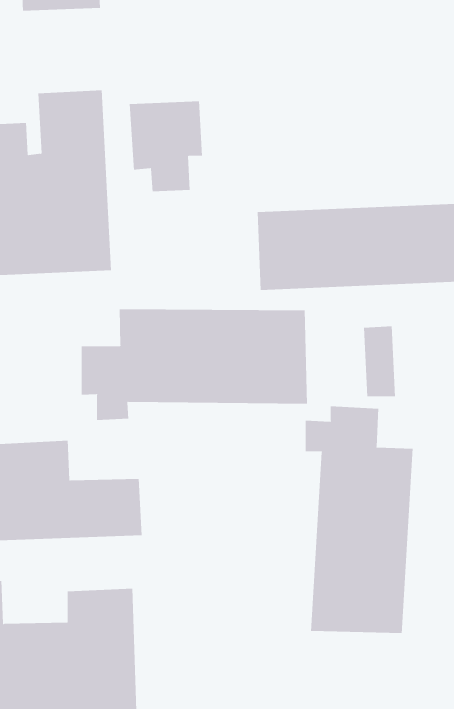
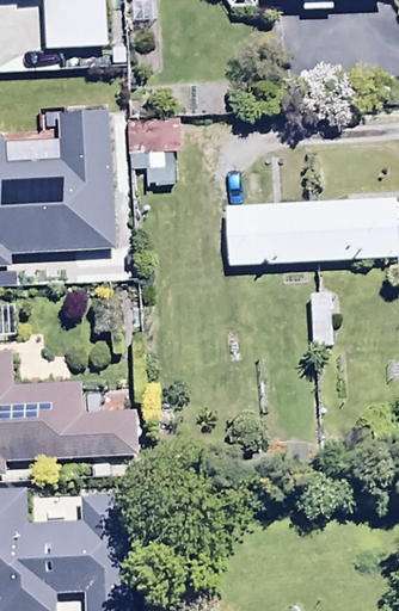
building: [81,308,307,421] -> none
building: [305,406,413,634] -> none

